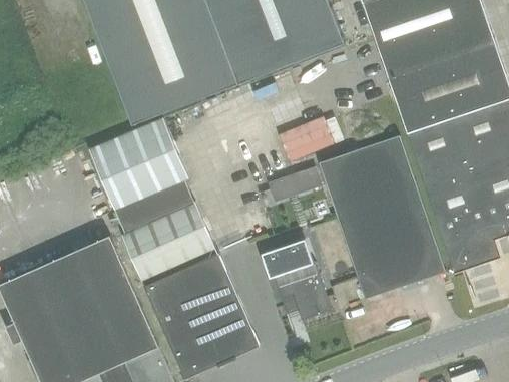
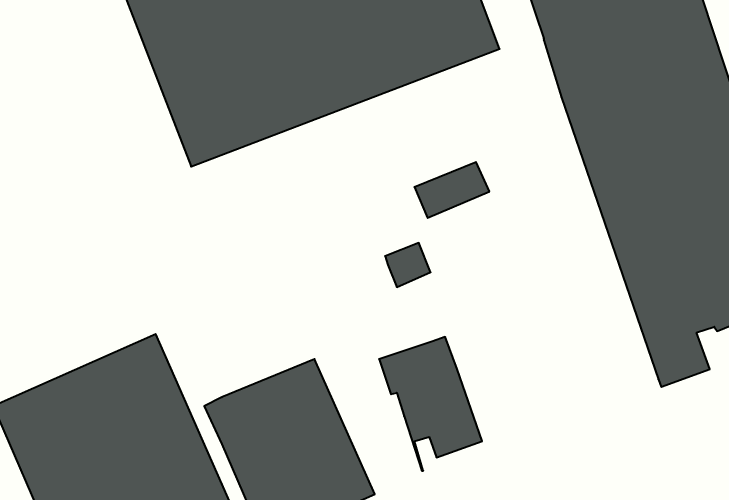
building: [88,119,214,282] -> none
building: [319,136,444,299] -> none

